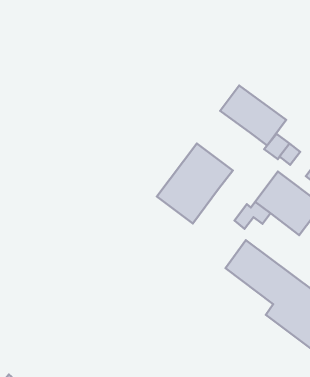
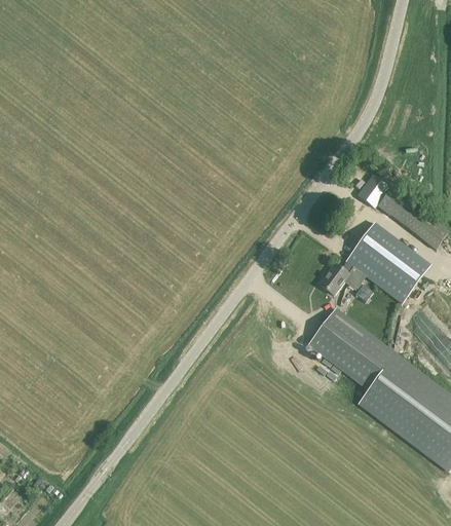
building: [220,85,286,145] -> none
building: [157,143,233,223] -> none

